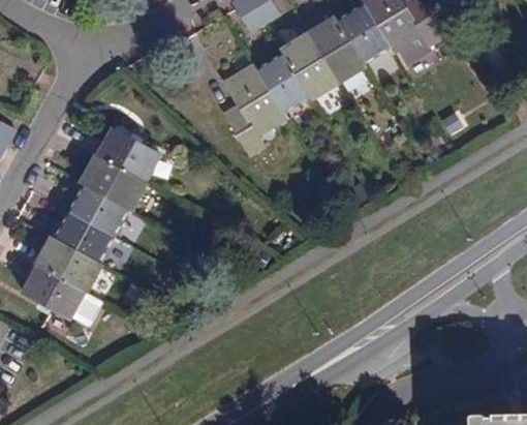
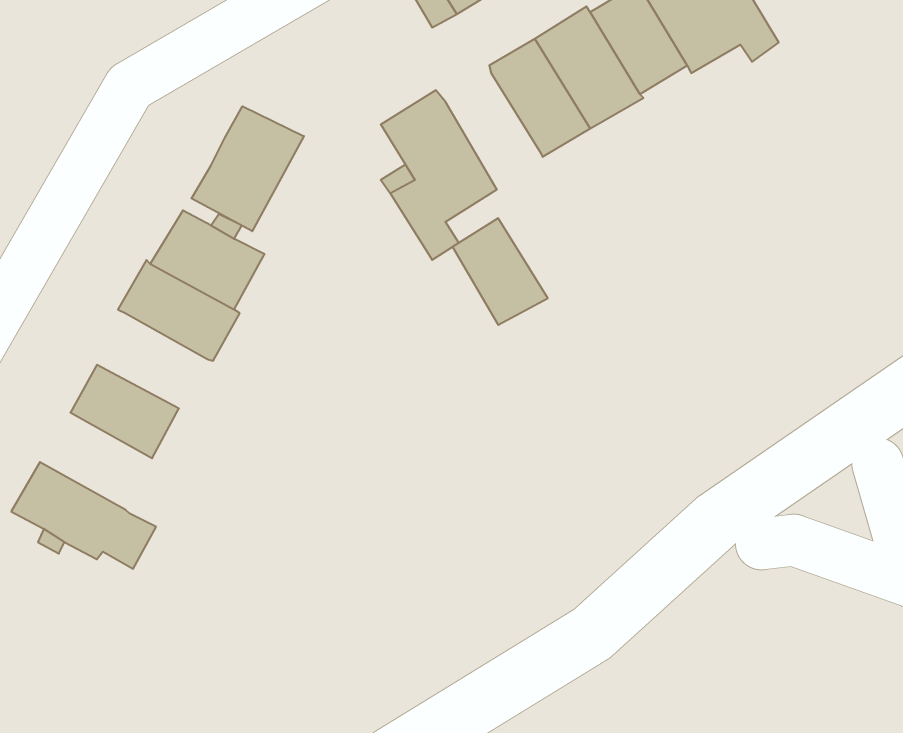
building: [258,53,310,111] -> [452,218,548,325]
building: none -> [191,106,304,231]
building: [69,183,129,235] -> none
building: [35,236,102,292] -> none

